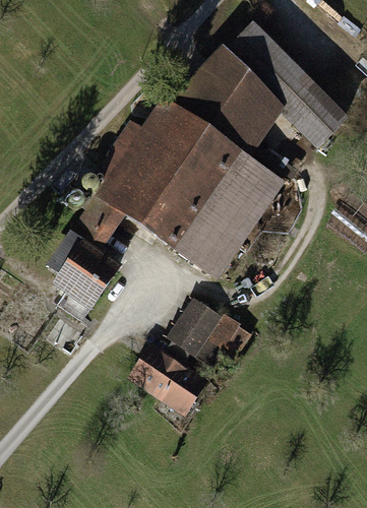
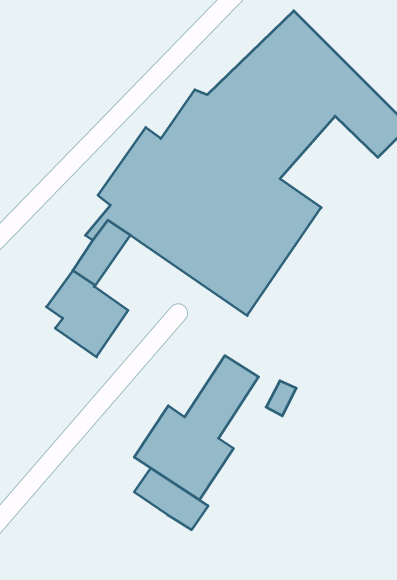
building: none -> [134,468,208,530]

